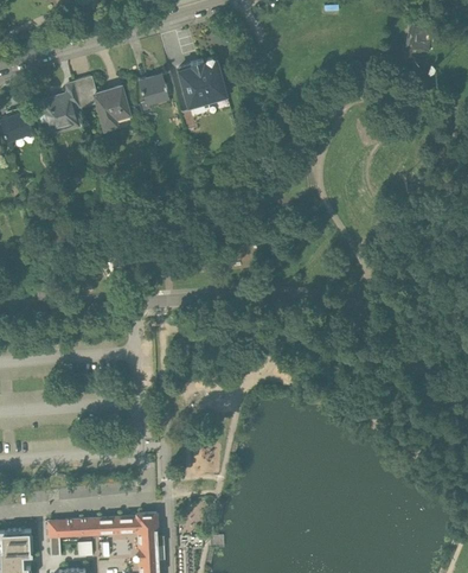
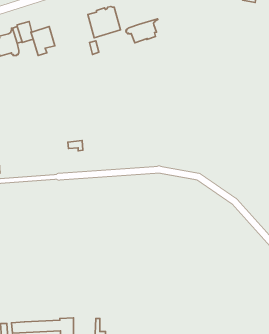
building: [137,74,167,101] -> none
building: none -> [126,19,158,43]

